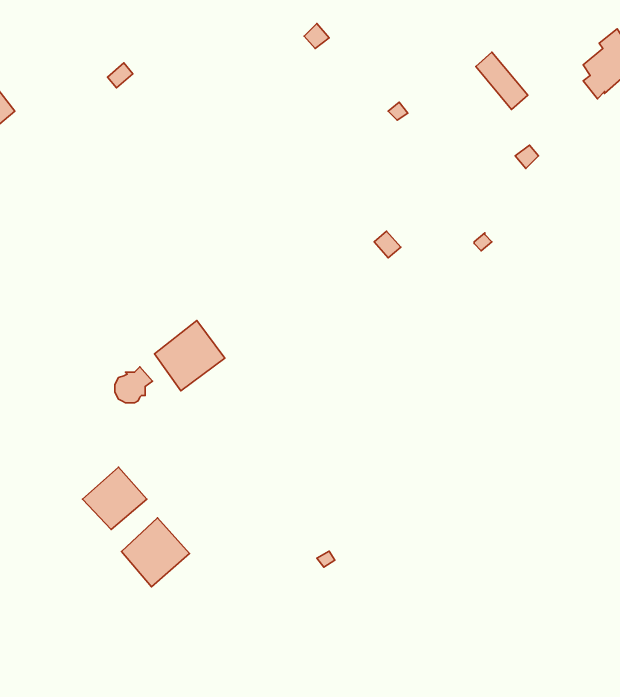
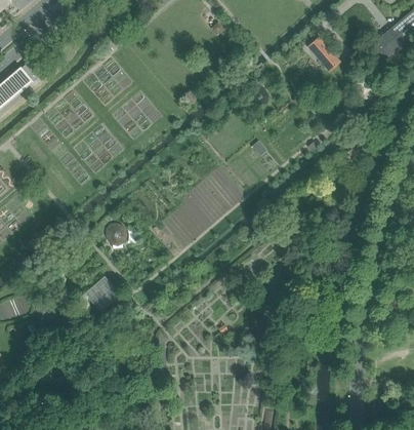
building: [155,321,225,391] -> none
building: [122,518,189,587] -> none

